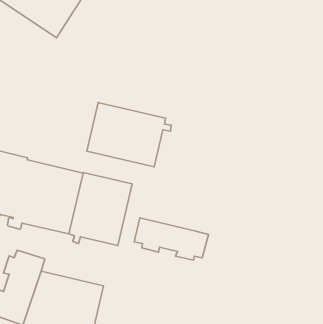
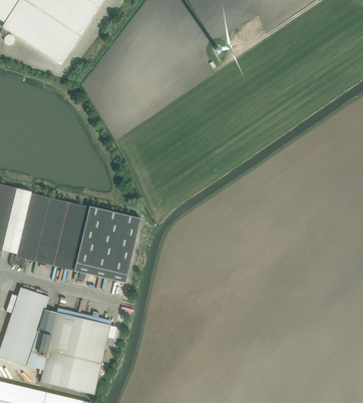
building: [87,102,171,167] -> none
building: [134,218,209,260] -> none

